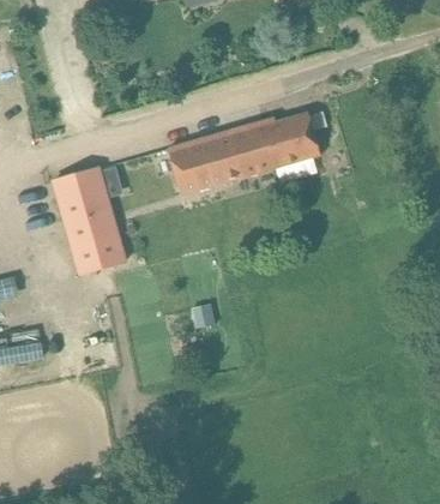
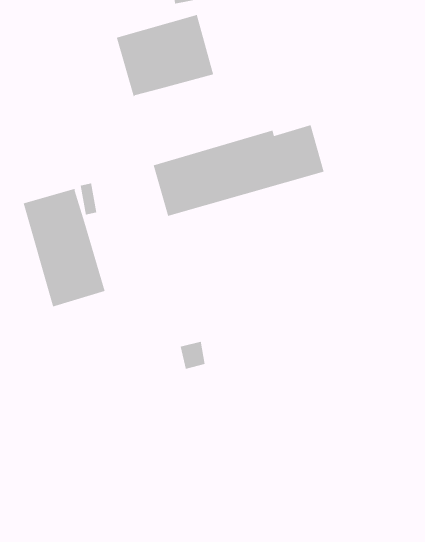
building: none -> [116,14,214,97]

